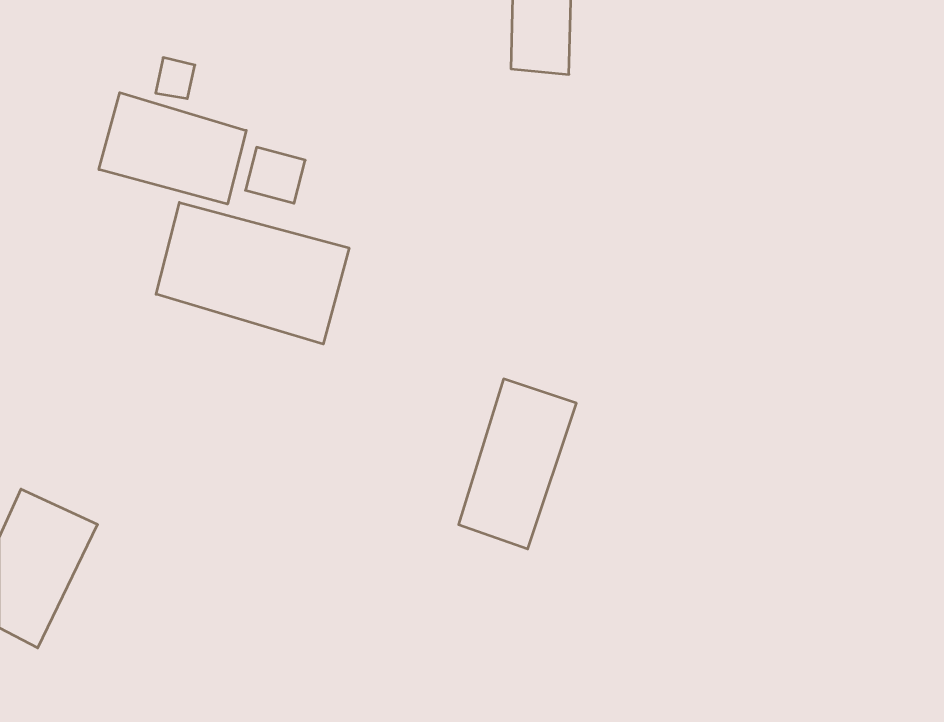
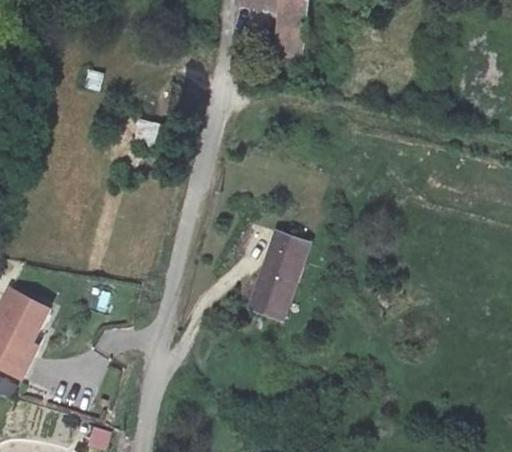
building: [99,93,246,204] -> none
building: [156,202,349,344] -> none

